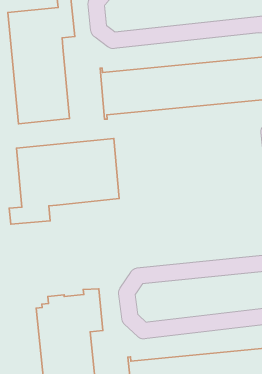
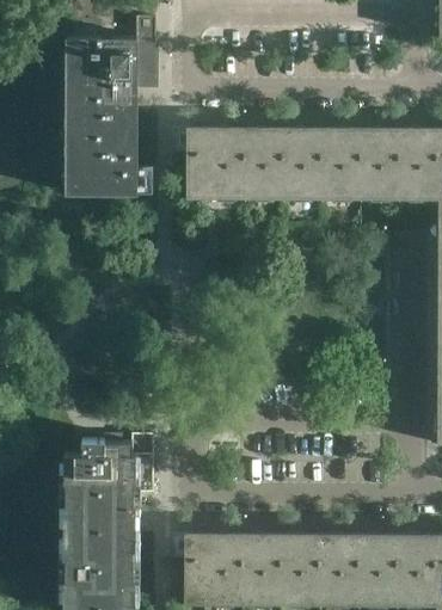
building: [9,139,119,224] -> none

